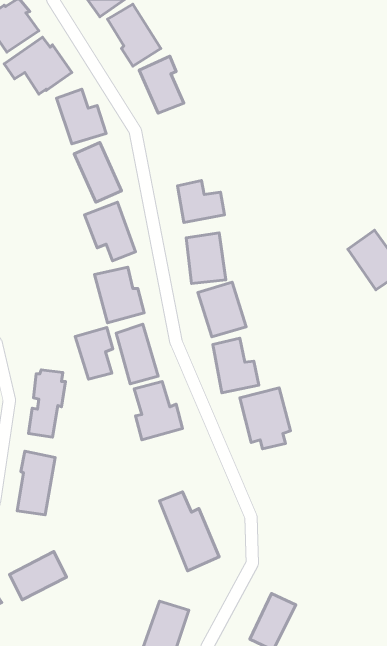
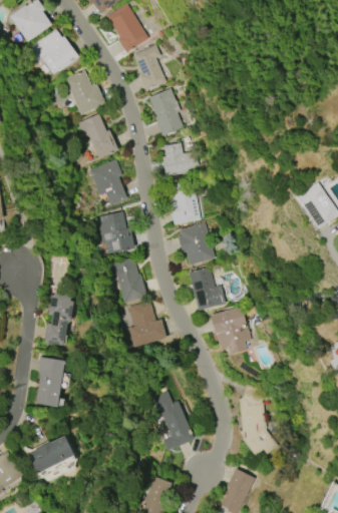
building: none -> [148,89,185,136]
building: [75,327,113,379] -> none
building: none -> [239,385,278,456]

